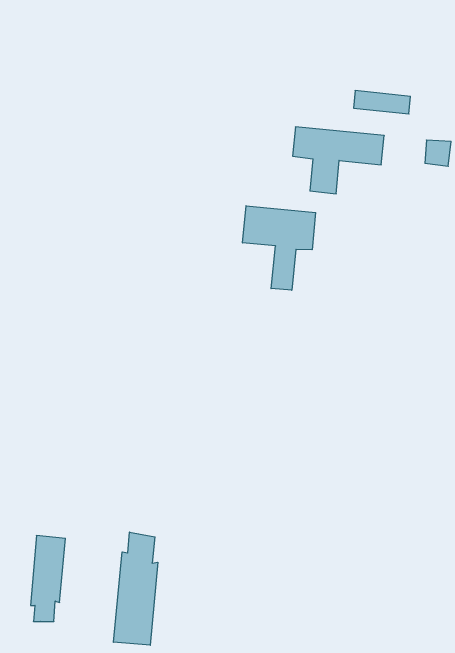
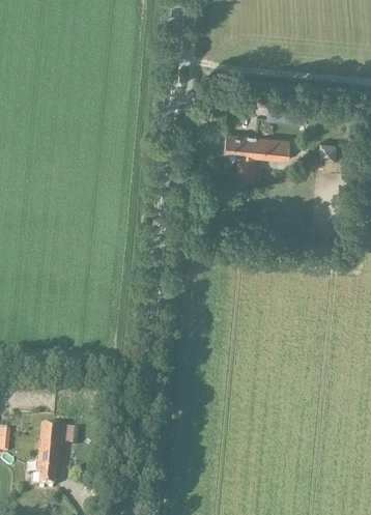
building: [243,206,316,290] -> none
building: [113,532,158,645] -> none

